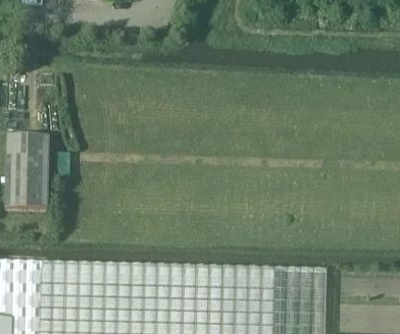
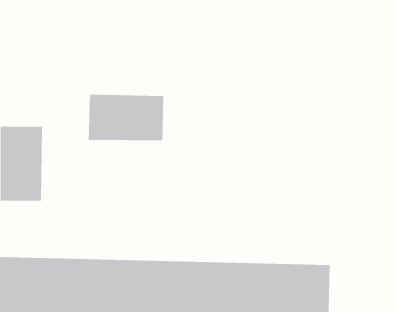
building: none -> [88,94,164,141]

